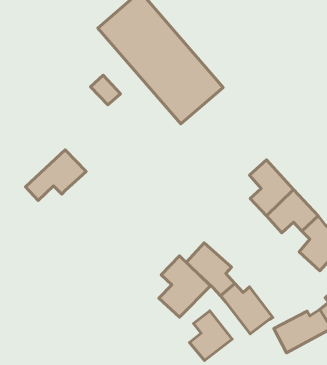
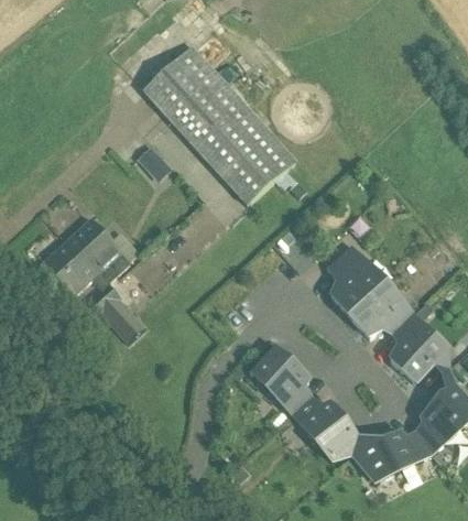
building: none -> [41,219,105,281]
building: none -> [88,285,143,344]
building: [159,256,211,317] -> none
building: [190,311,232,360] -> none

